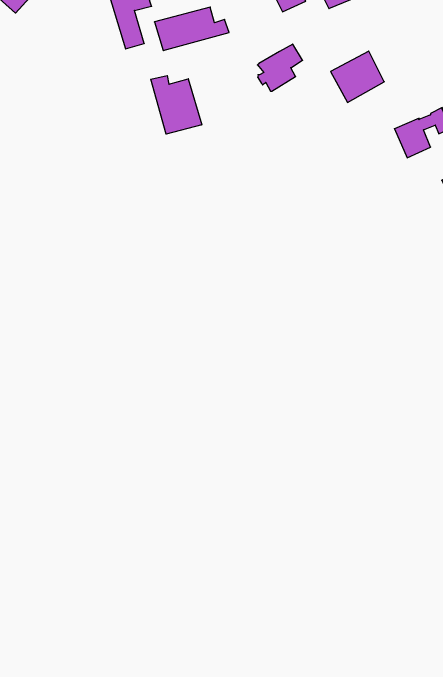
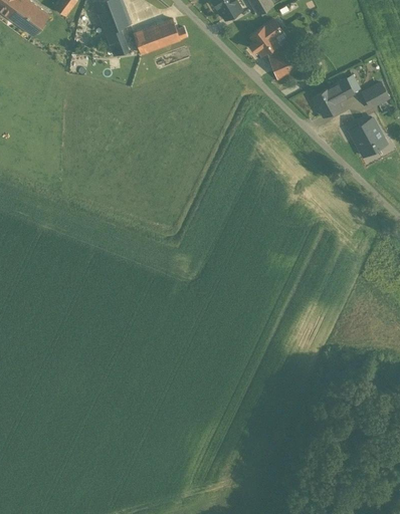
building: [257,44,303,91] -> [250,19,282,54]
building: [151,76,202,134] -> none

